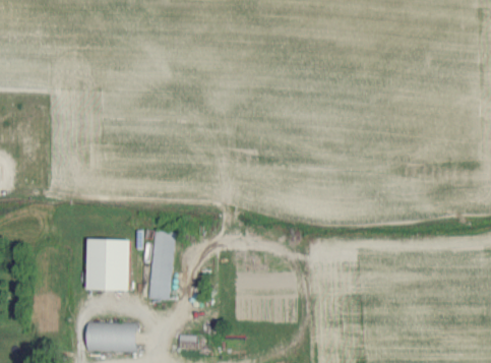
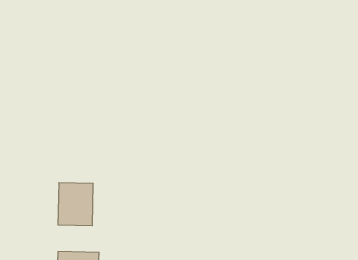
building: [145,231,172,300] -> none

